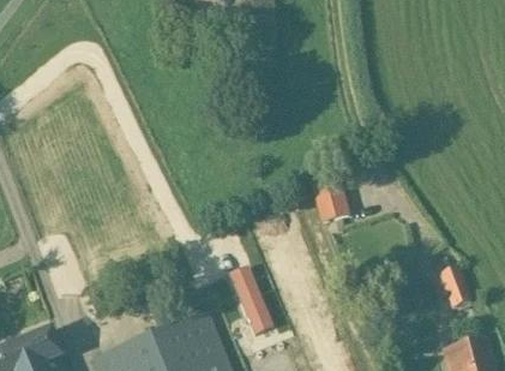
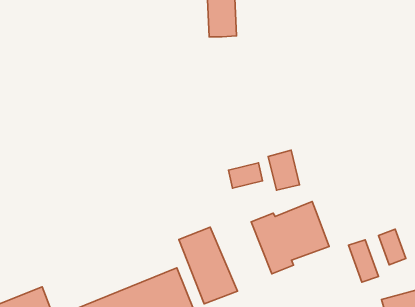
building: none -> [229,163,263,188]
building: none -> [251,202,329,274]
building: none -> [349,240,379,282]

